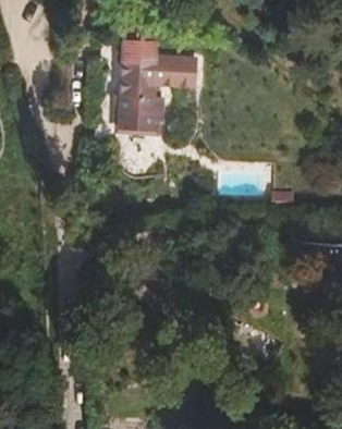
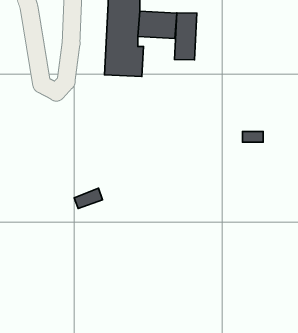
building: none -> [175,13,197,60]

